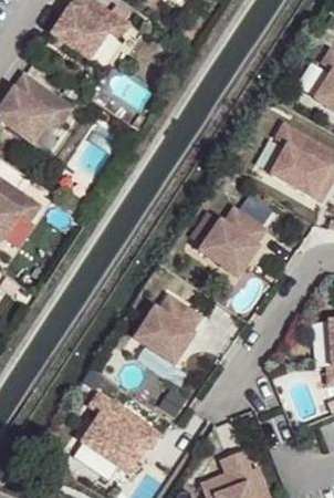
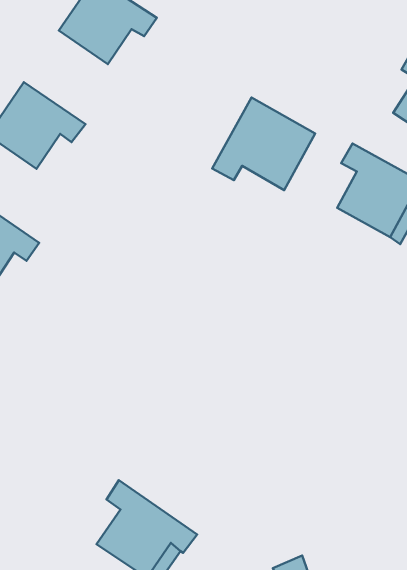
building: none -> [212,98,315,190]
building: [201,208,268,278] -> none
building: [140,294,206,363] -> none

